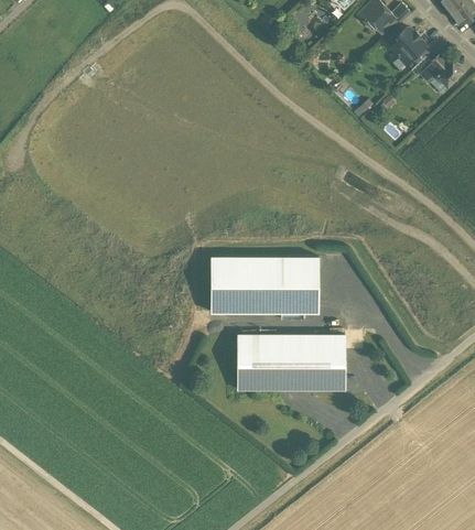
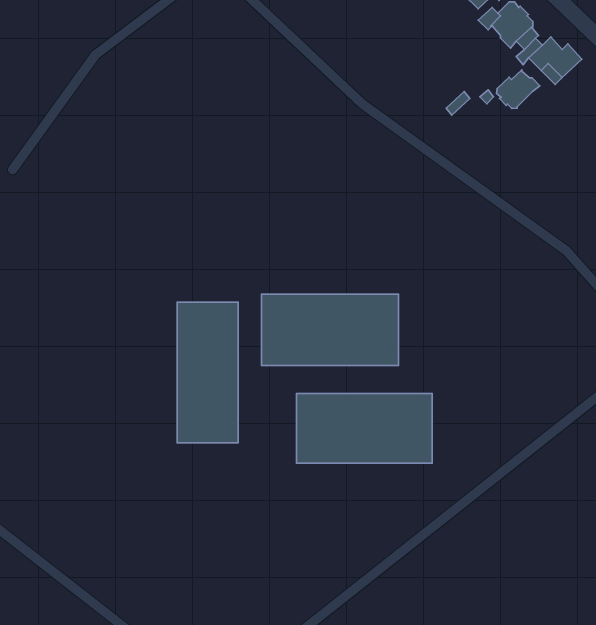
building: none -> [496,70,540,109]
building: none -> [177,302,238,443]

